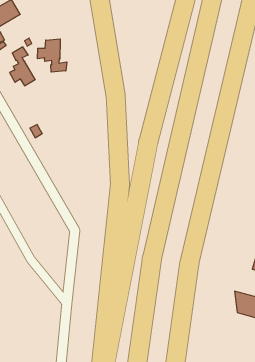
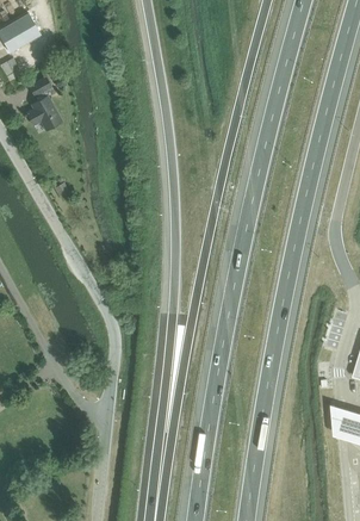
building: [38,39,67,72] -> none

